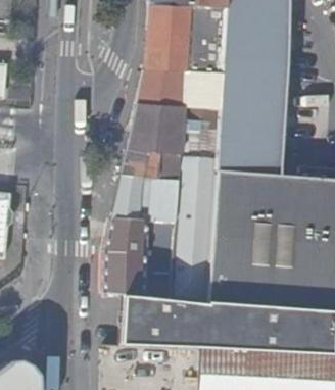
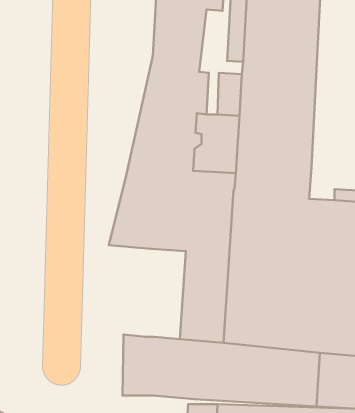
building: [103,217,176,296] -> none

